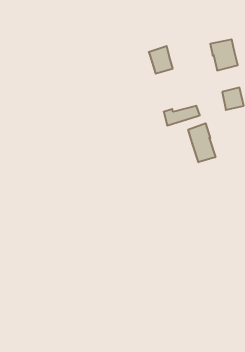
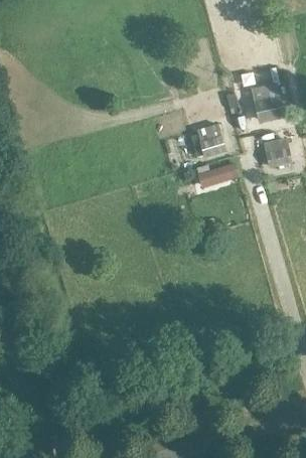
building: [149,46,173,74] -> [195,124,223,156]
building: [188,123,215,162] -> none

